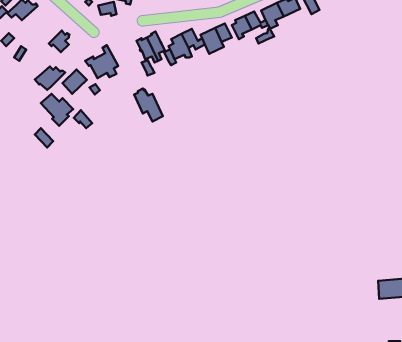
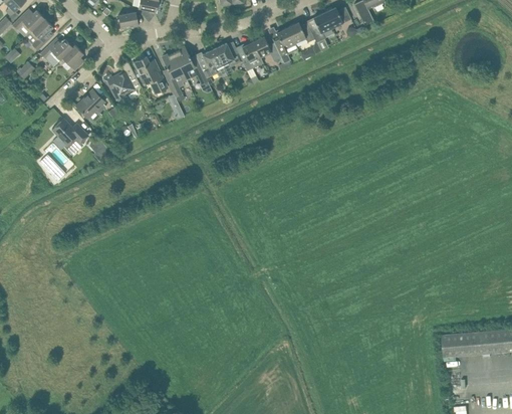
building: none -> [24,16,53,49]
building: [35,66,65,90] -> [40,37,75,64]
building: [134,89,163,121] -> [134,55,167,93]

